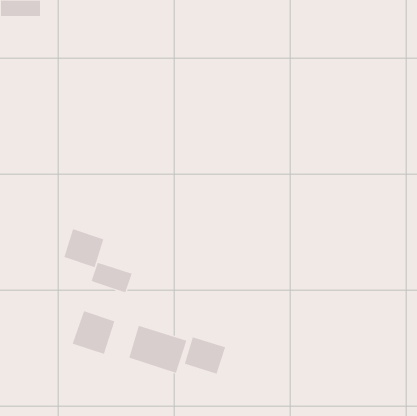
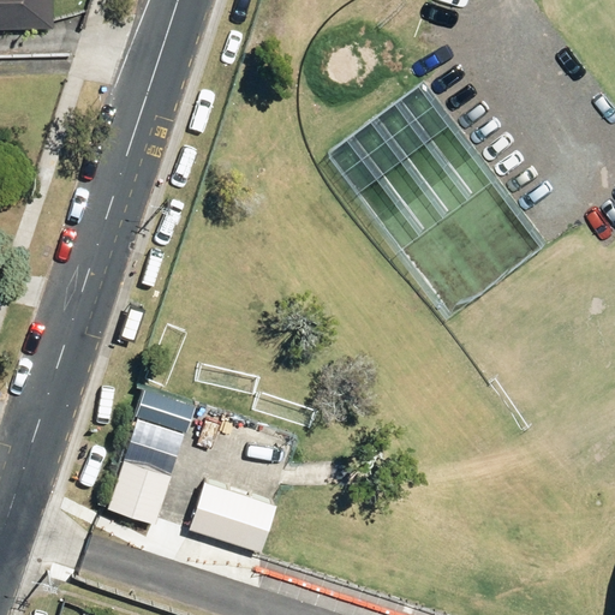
building: [63,229,104,268] -> [124,417,184,474]
building: [184,336,226,374] -> none

